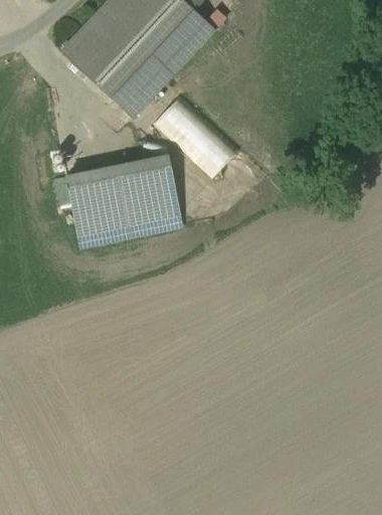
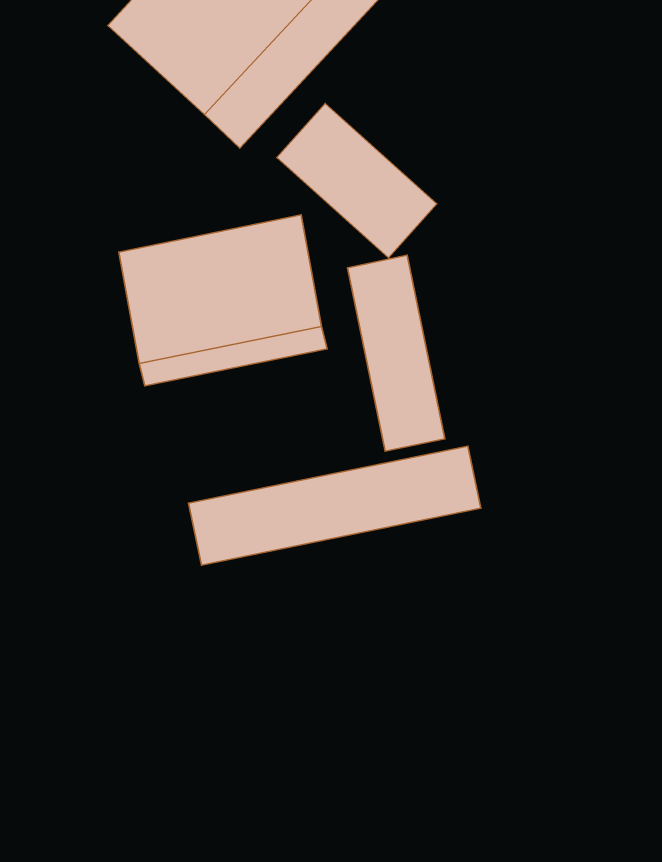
building: none -> [348,255,445,451]
building: none -> [188,446,481,565]

